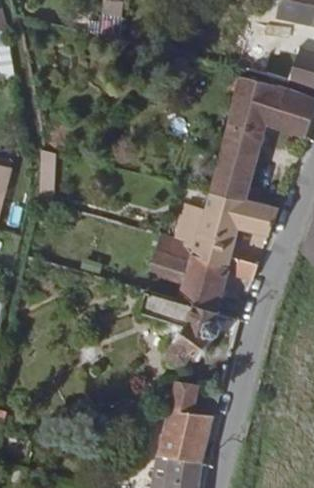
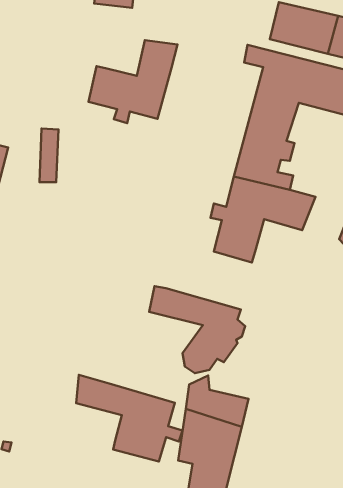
building: none -> [89,40,178,123]
building: [147,234,261,310] -> none
building: none -> [76,375,183,461]

